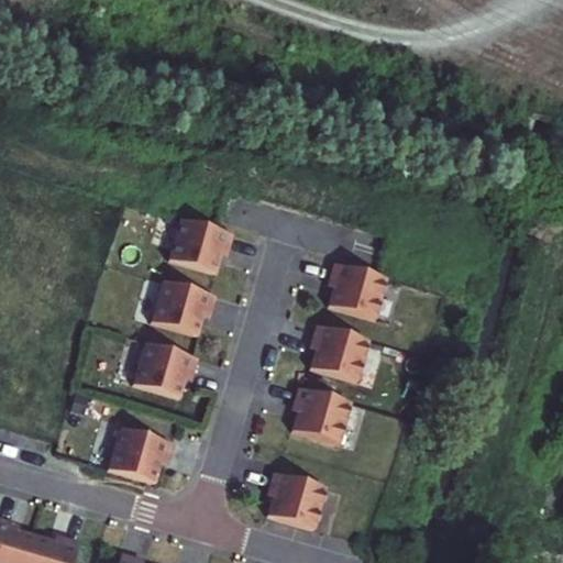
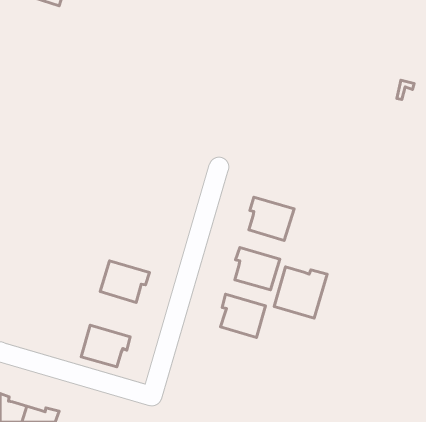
building: [170,214,235,269] -> none
building: [152,276,217,332] -> none
building: none -> [274,267,327,318]
building: [267,472,327,529] -> none

